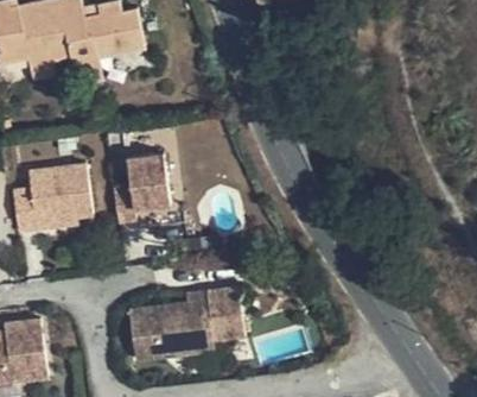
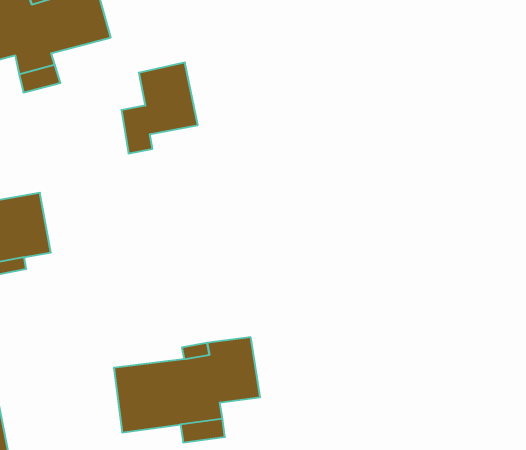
building: [110,153,170,222] -> [121,62,198,153]

